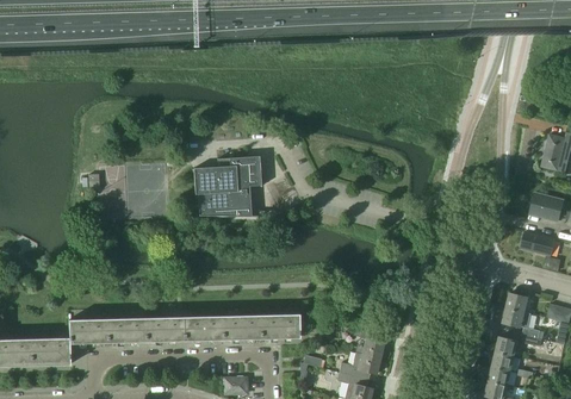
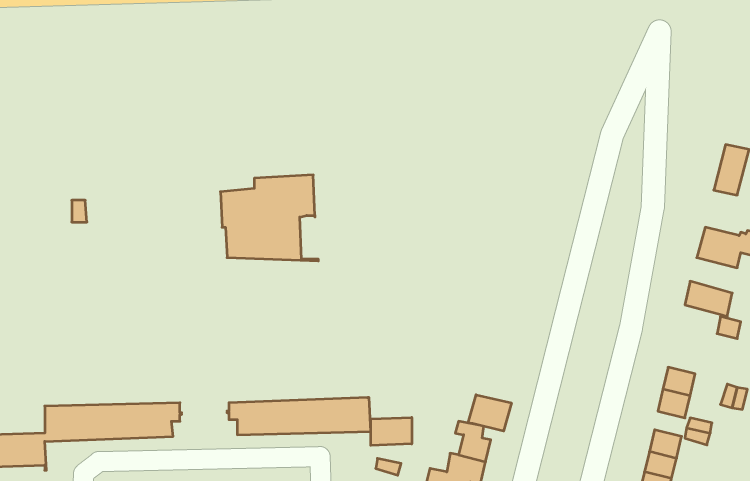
building: none -> [468,395,511,431]
building: [159,317,205,341] -> none
building: none -> [371,417,412,445]

